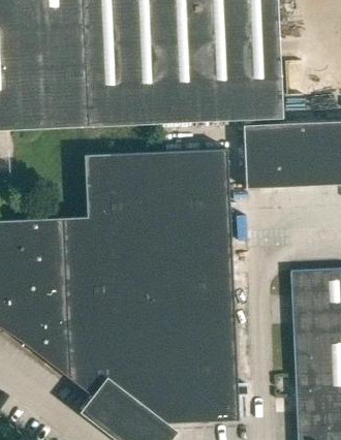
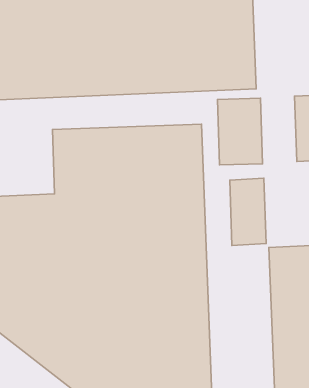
building: [284,123,319,188] -> [230,178,266,246]

